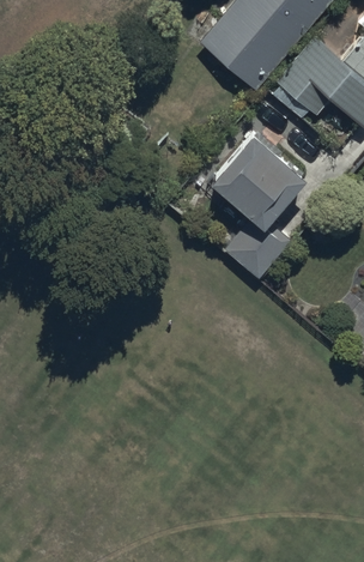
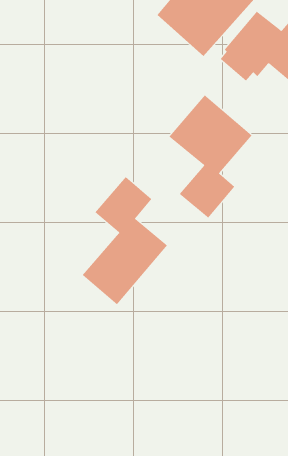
building: none -> [82,176,168,305]

